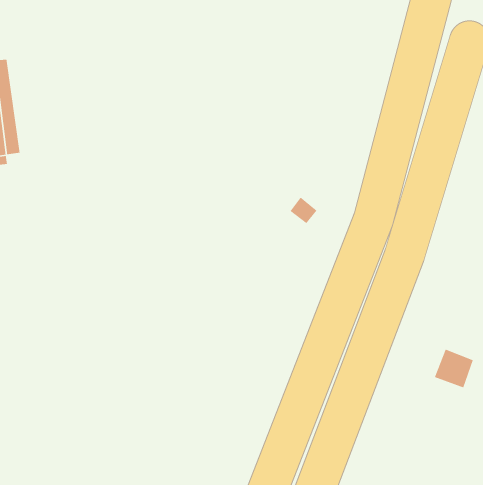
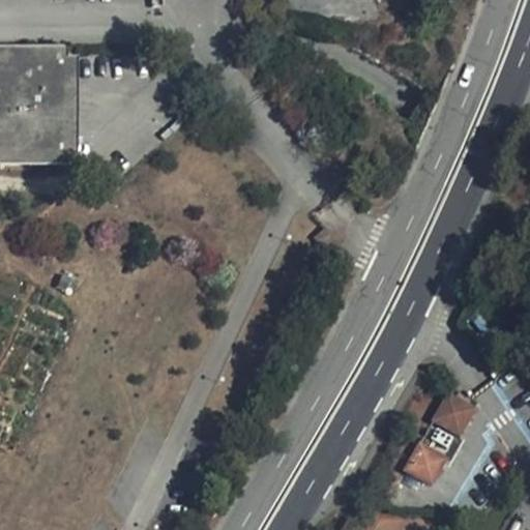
building: none -> [405,444,444,484]

